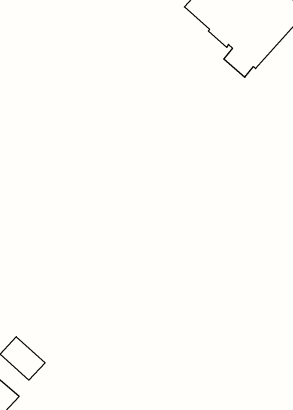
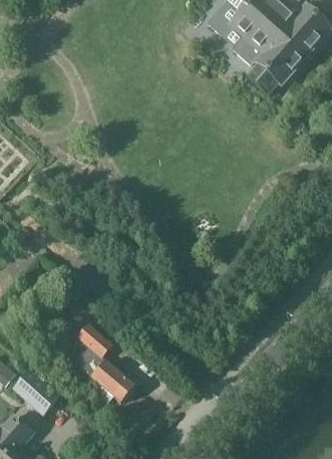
building: none -> [74,321,133,407]

